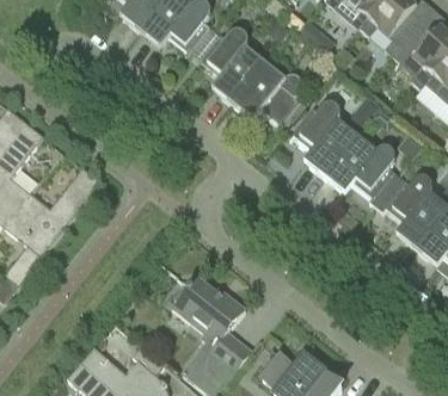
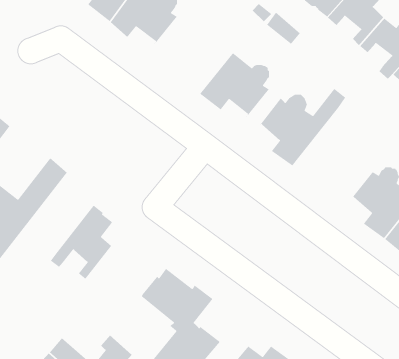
building: [196,30,264,103] -> none
building: [324,135,394,200] -> none
building: none -> [50,205,113,280]

